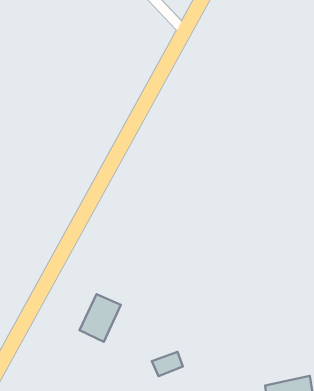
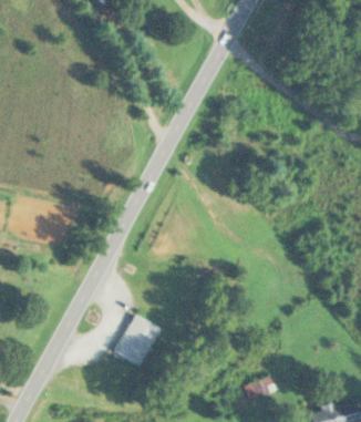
building: [152,352,183,376] -> [245,375,277,401]

